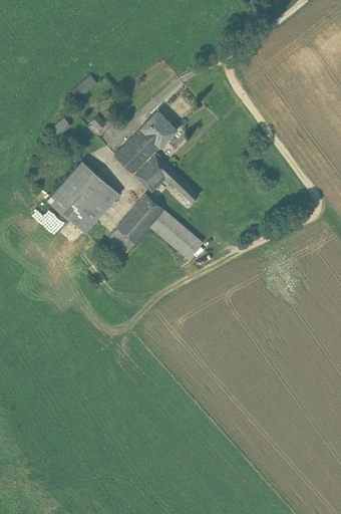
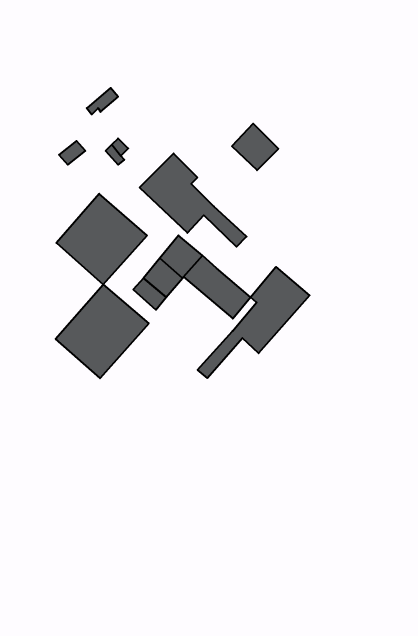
building: [139,110,177,148] -> [232,124,278,170]
building: none -> [198,267,310,378]
building: none -> [56,285,149,378]

